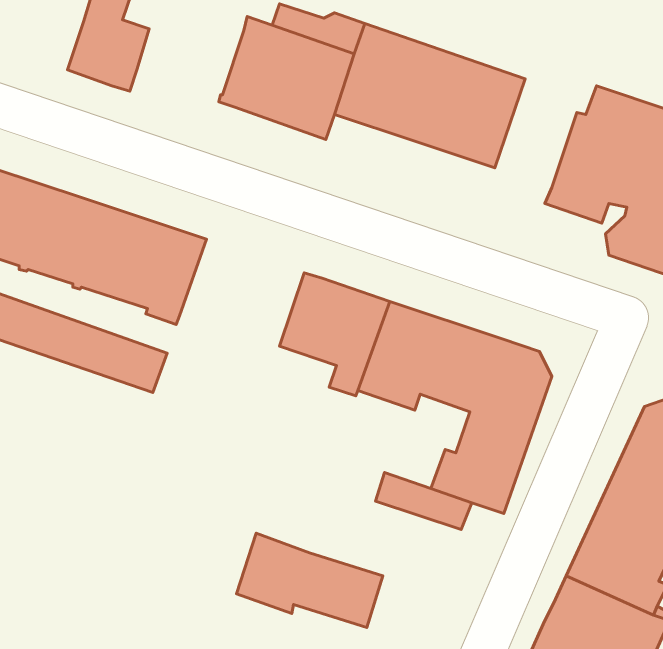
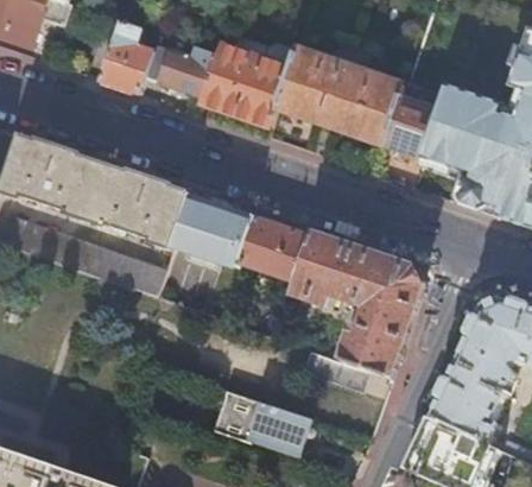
building: none -> [144,46,215,96]
building: none -> [382,86,441,158]
building: none -> [172,192,255,266]

